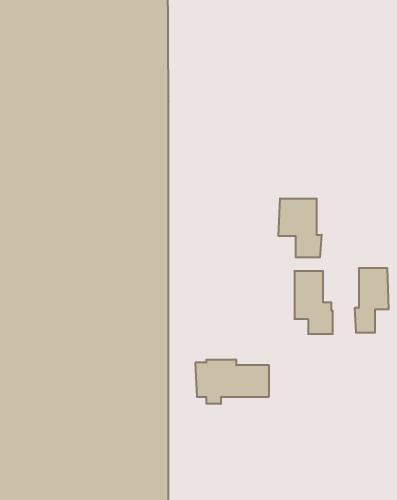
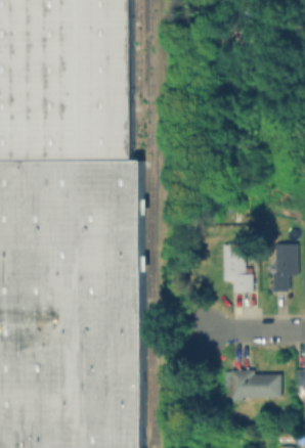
building: [278,198,322,257] -> none
building: [195,360,269,404] -> [223,369,278,402]

